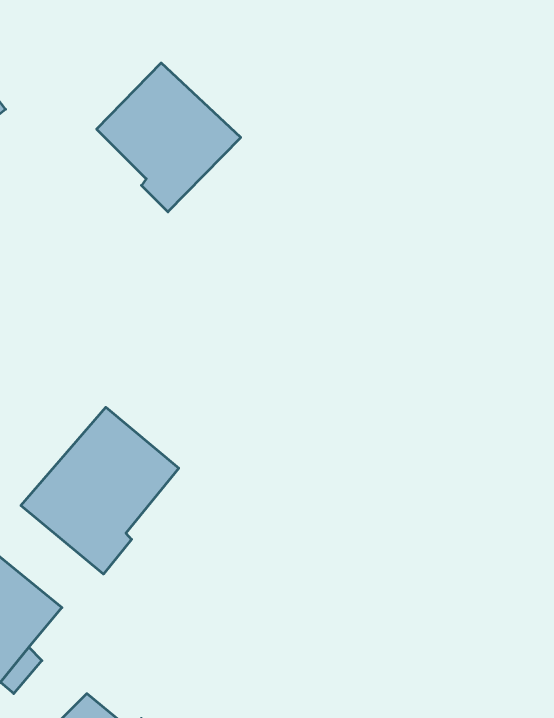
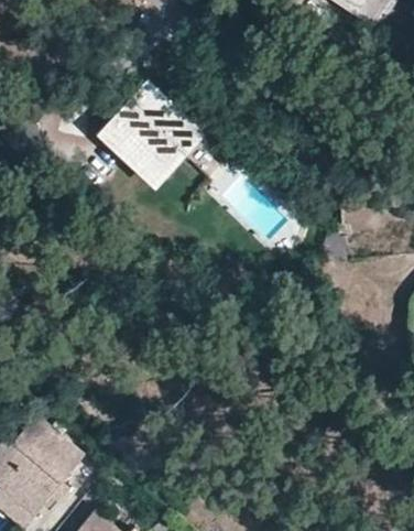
building: [21,407,179,574] -> none

